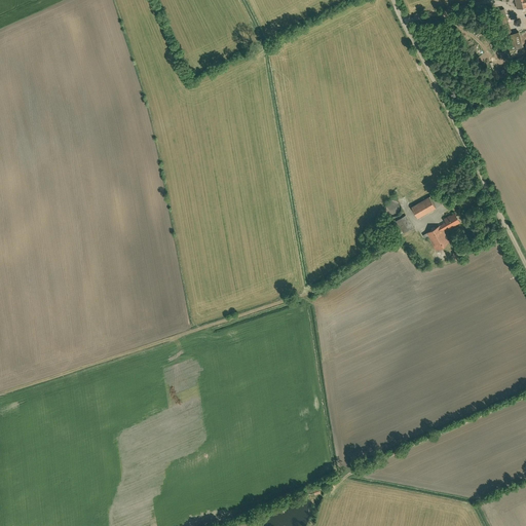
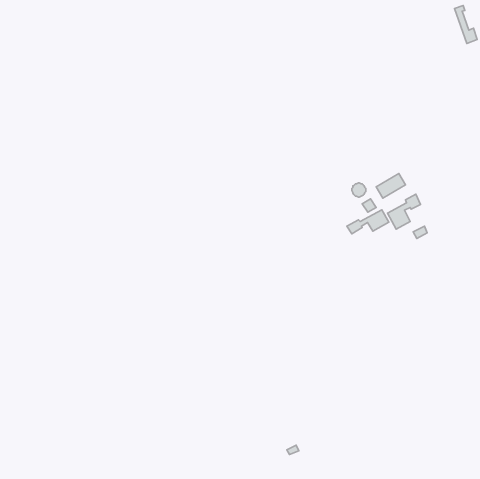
building: none -> [347,210,389,234]

